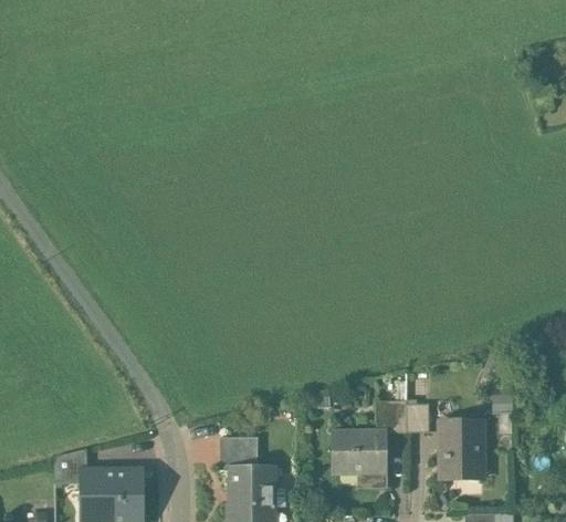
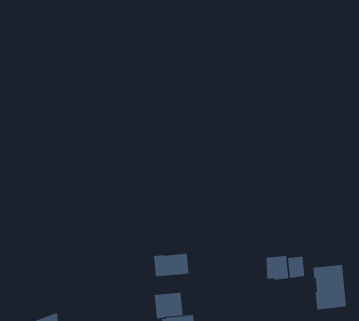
building: none -> [153,253,189,277]
building: [335,431,386,482] -> none

